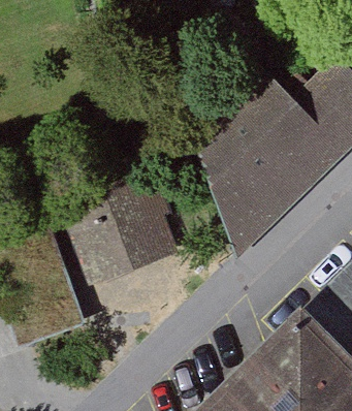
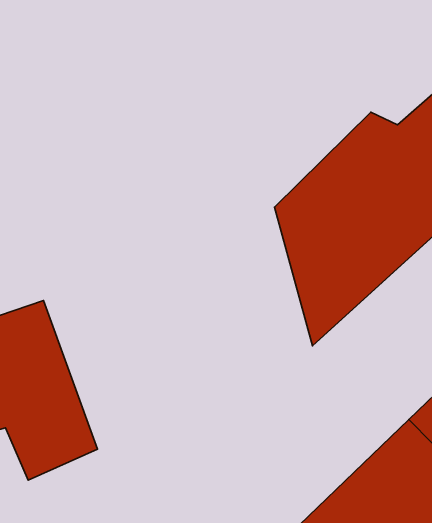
building: [64,182,173,289] -> none

